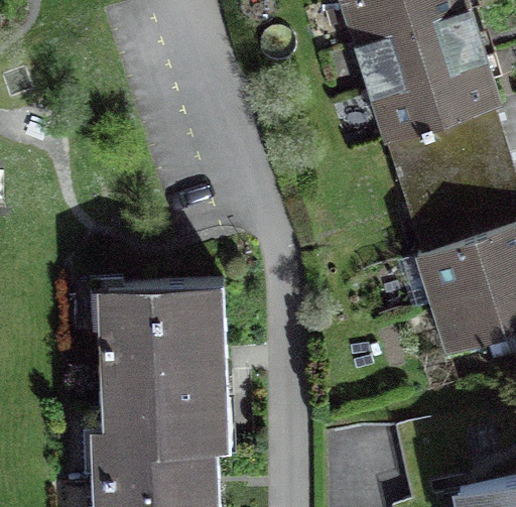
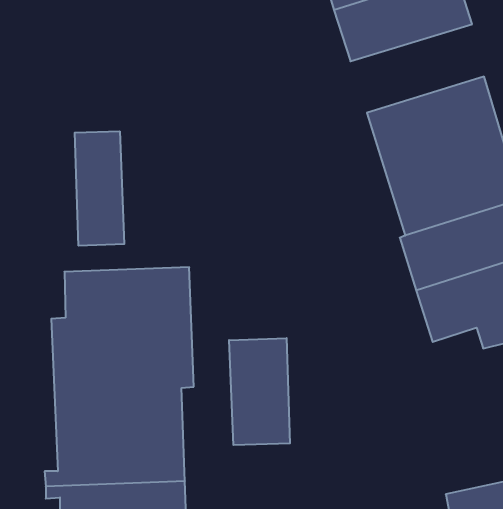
building: [372,55,499,137] -> none
building: none -> [75,131,124,246]
building: none -> [229,338,290,445]

